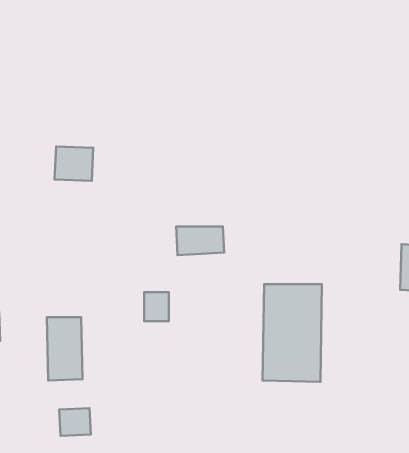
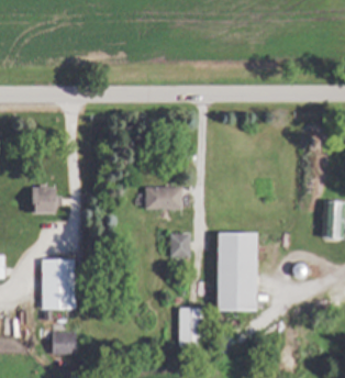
building: [55,147,93,181] -> [29,186,59,213]
building: [144,292,169,321] -> [171,233,191,256]
building: none -> [180,308,199,342]

